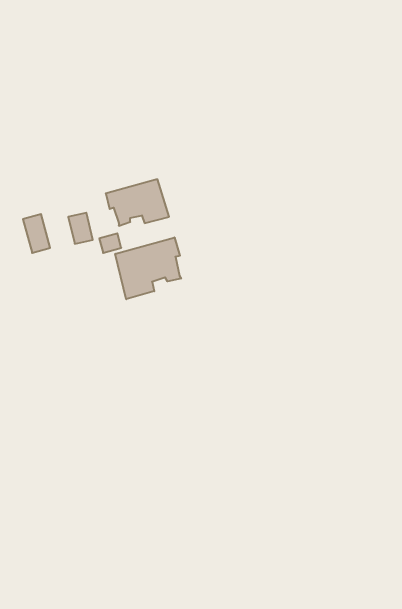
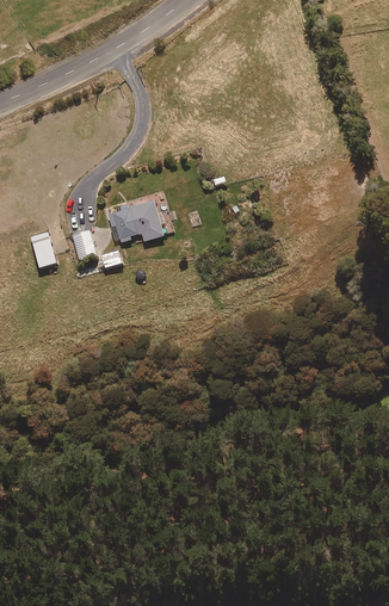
building: [115,237,181,299] -> none

